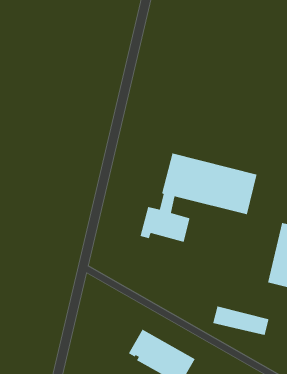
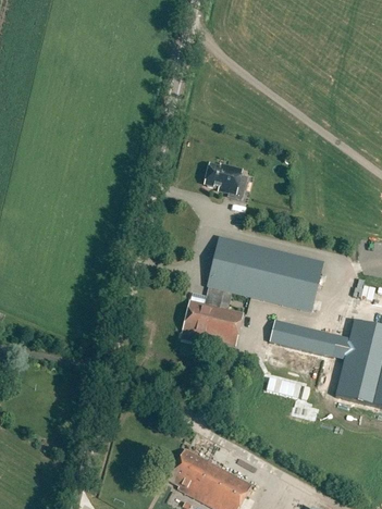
building: none -> [207,164,244,194]
building: [212,306,269,336] -> [271,320,341,357]

